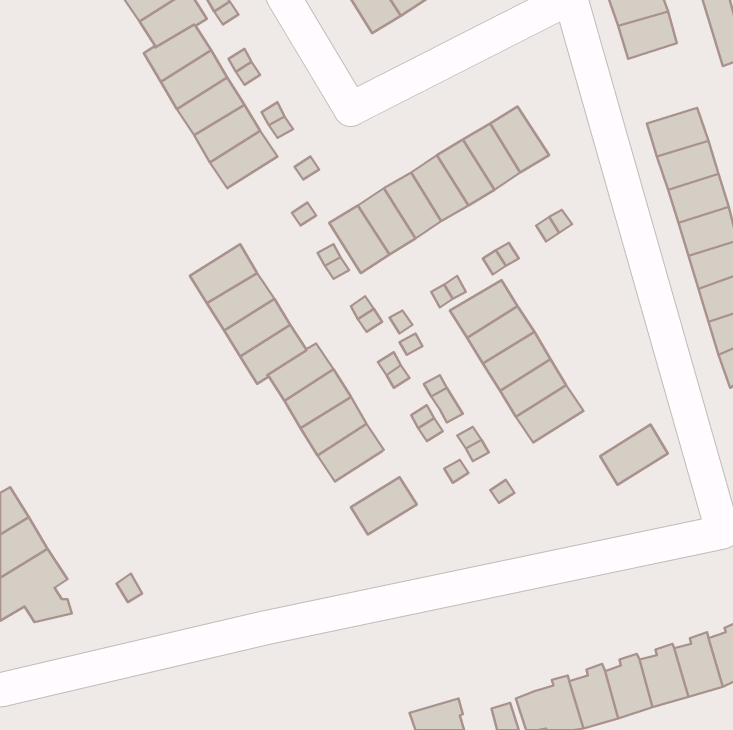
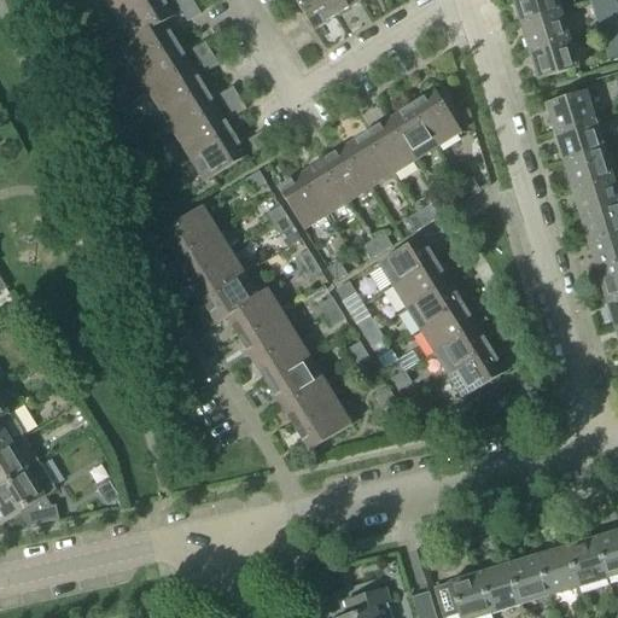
building: none -> [529,36,579,78]
building: none -> [192,132,249,181]
building: [600,425,668,485] -> [449,345,506,396]
building: none -> [282,378,337,426]

